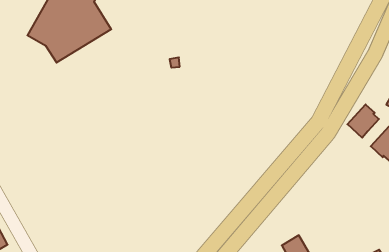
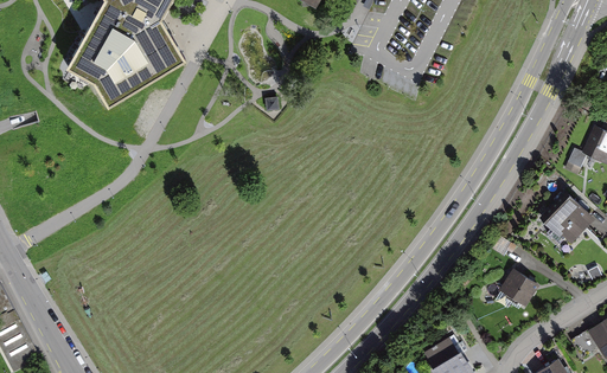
building: [347,104,379,138] -> none
building: none -> [499,268,538,306]

